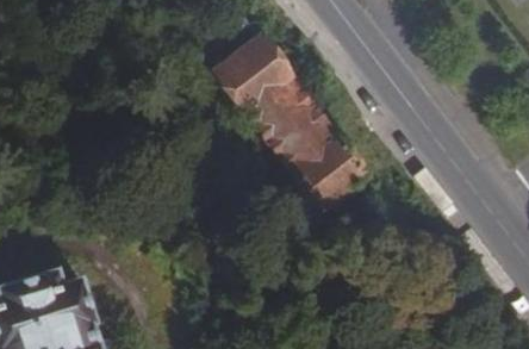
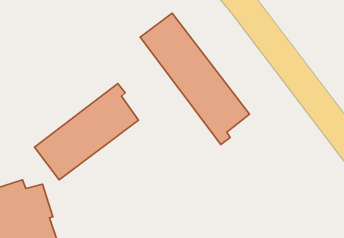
building: none -> [34,84,139,180]

